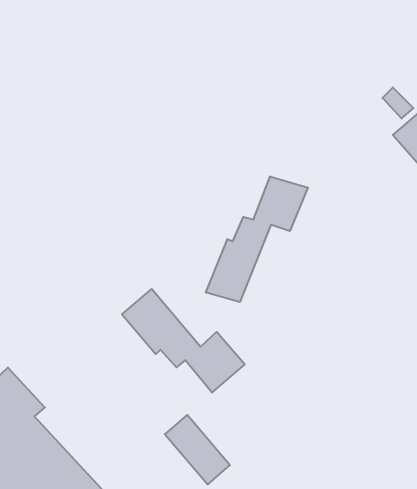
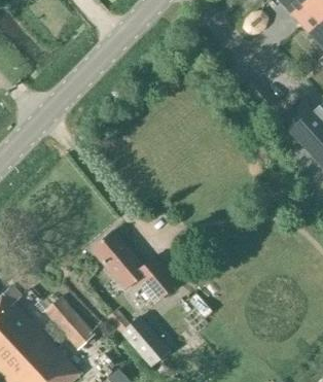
building: [206,176,308,302] -> none
building: none -> [44,297,96,349]

